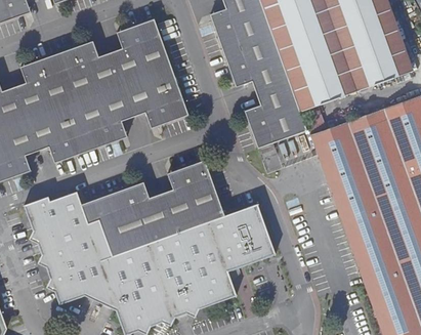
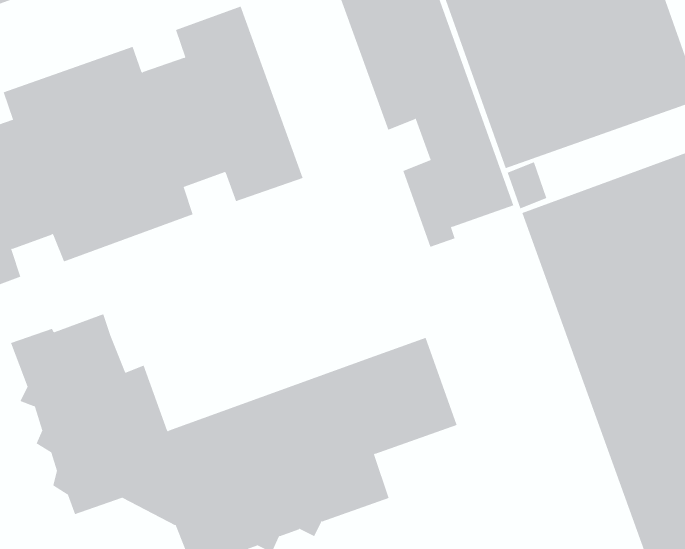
building: [82,159,226,256] -> none

